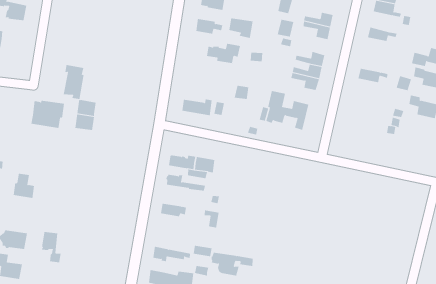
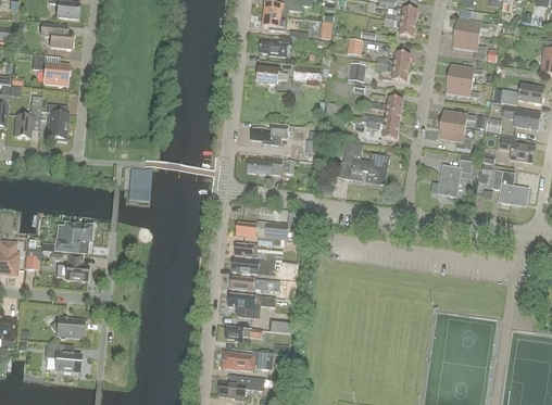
building: none -> [447,76,479,97]
building: [206,43,241,64] -> [250,123,288,145]
building: [63,65,85,100] -> [46,103,68,141]
building: none -> [439,123,472,150]
building: [30,100,65,128] -> [54,223,91,253]
building: none -> [438,160,473,195]
building: none -> [492,170,527,204]
building: none -> [231,258,278,274]
building: [41,231,61,263] -> none
building: [211,252,254,276] -> [227,293,275,318]

